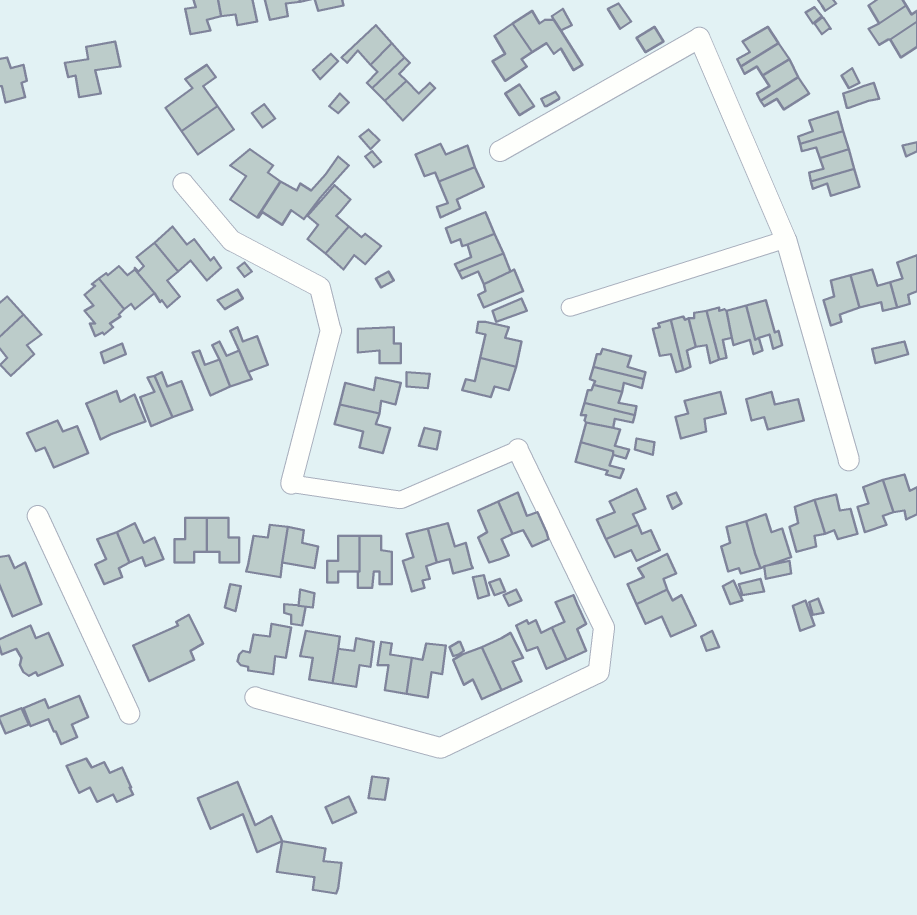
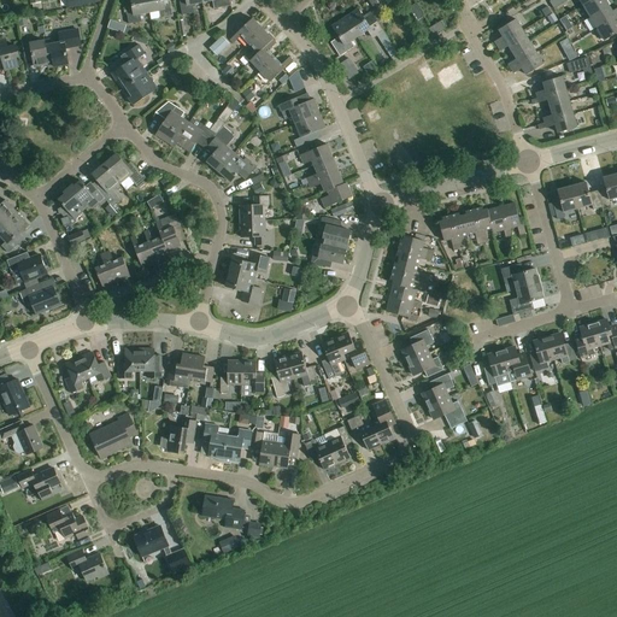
building: none -> [20,36,53,65]
building: none -> [239,195,268,221]
building: [86,391,145,439] -> [6,251,46,283]
building: [676,392,726,439] -> [509,282,542,313]
building: none -> [66,548,107,580]
building: [277,841,342,893] -> [200,494,243,529]

